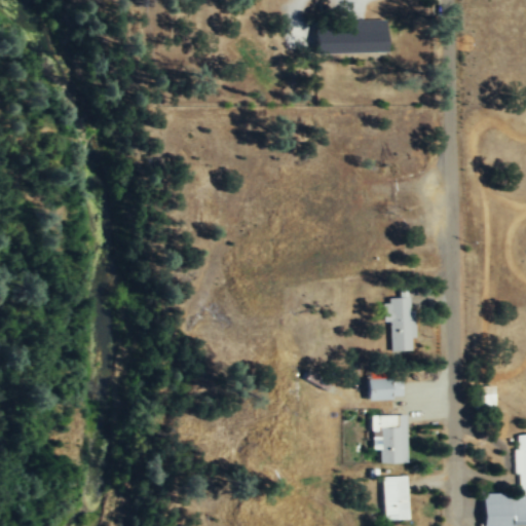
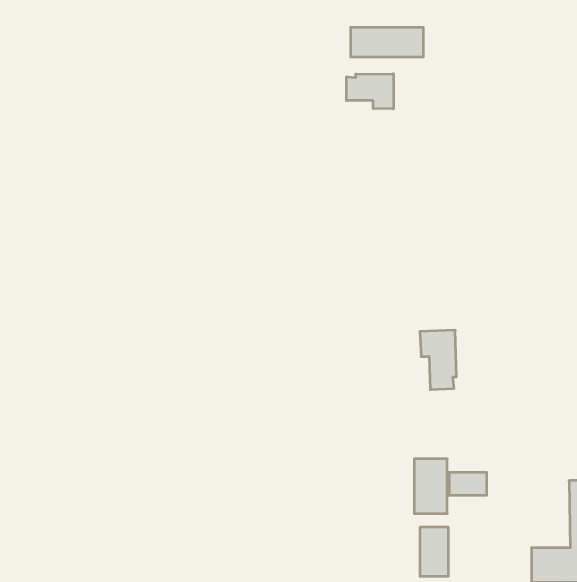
building: none -> [346,74,393,109]
building: [368,378,402,399] -> [449,472,487,495]

